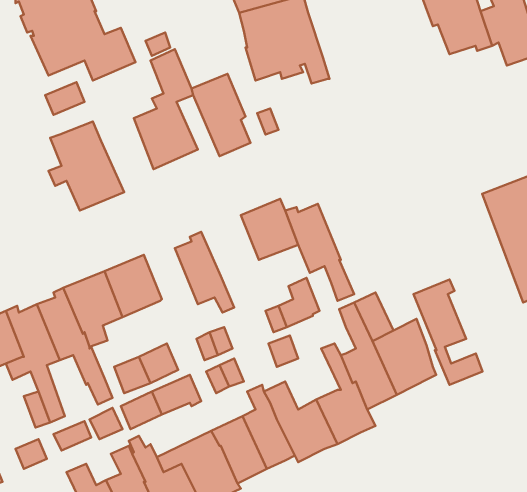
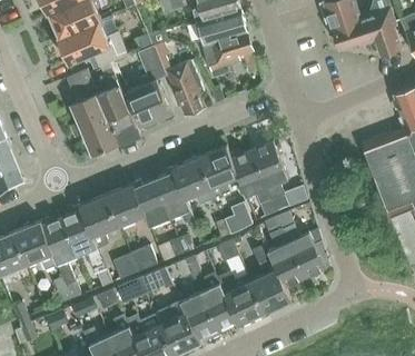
building: none -> [98,80,139,145]
building: none -> [171,158,214,204]
building: none -> [132,180,169,227]
building: [413,279,482,385] -> [250,140,297,211]

